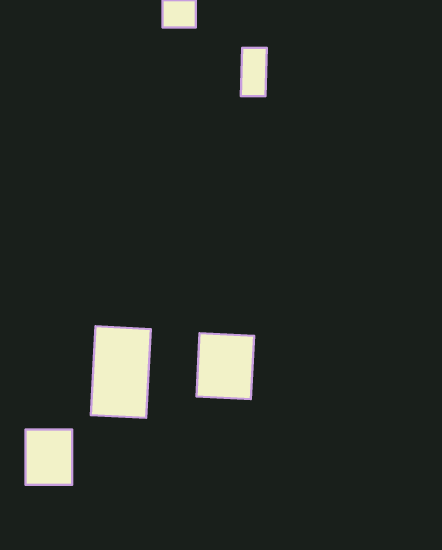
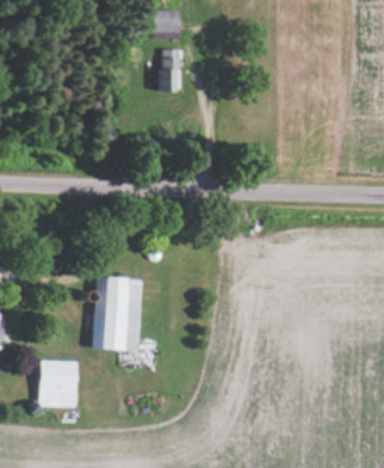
building: [241,48,267,96] -> [160,49,181,88]
building: [196,333,254,399] -> none

